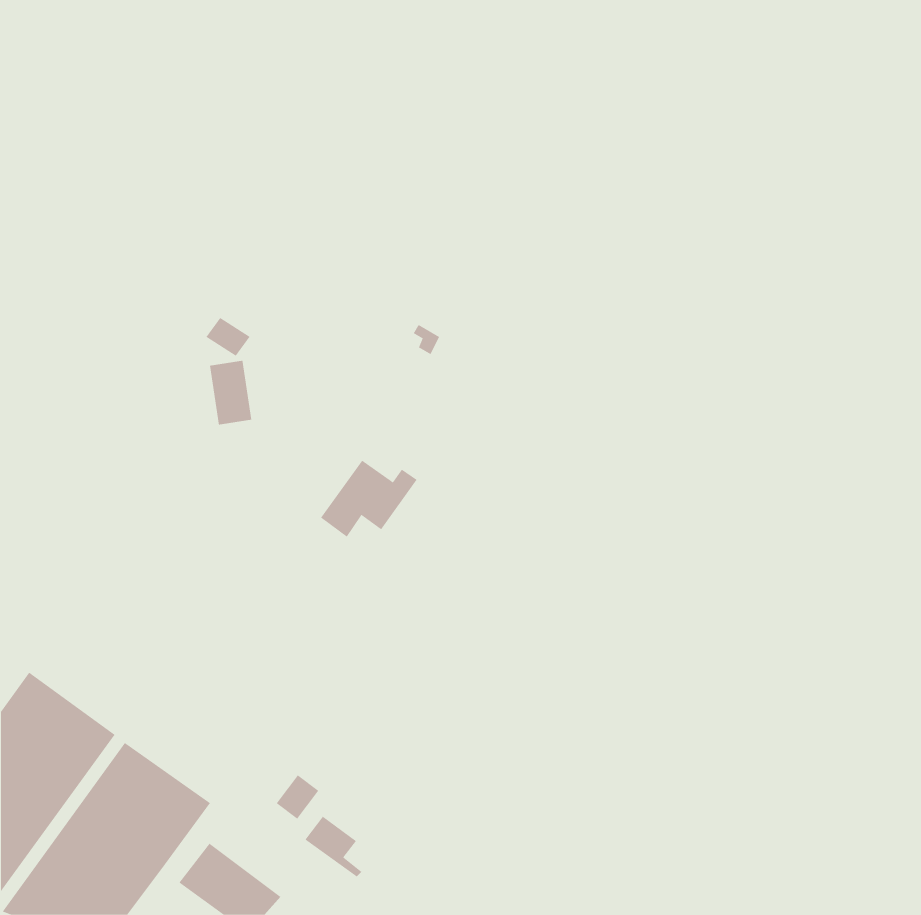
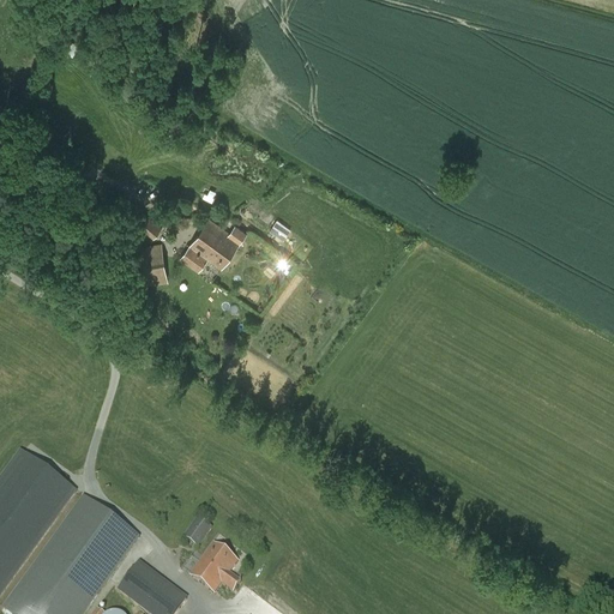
building: [320,460,418,537] -> [181,217,246,269]
building: none -> [191,559,237,591]

